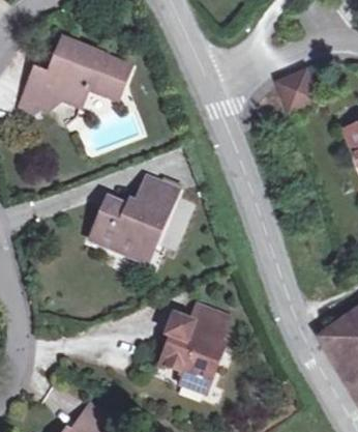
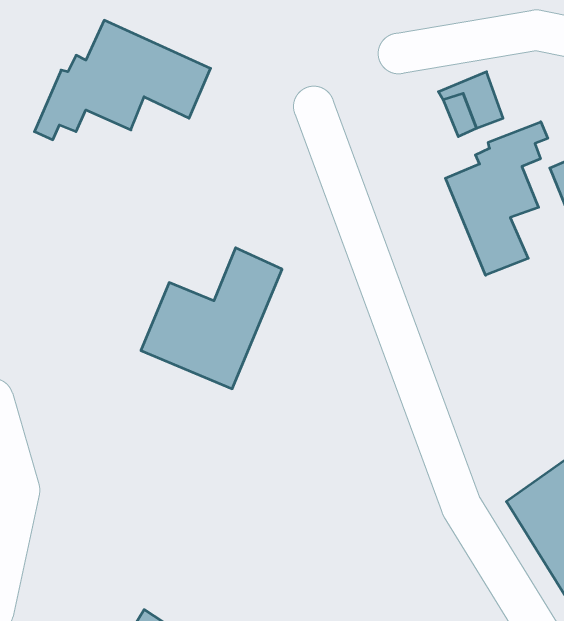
building: none -> [445,122,548,275]
building: [159,307,226,390] -> none

